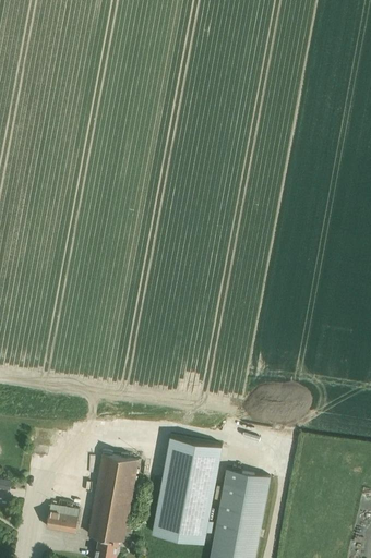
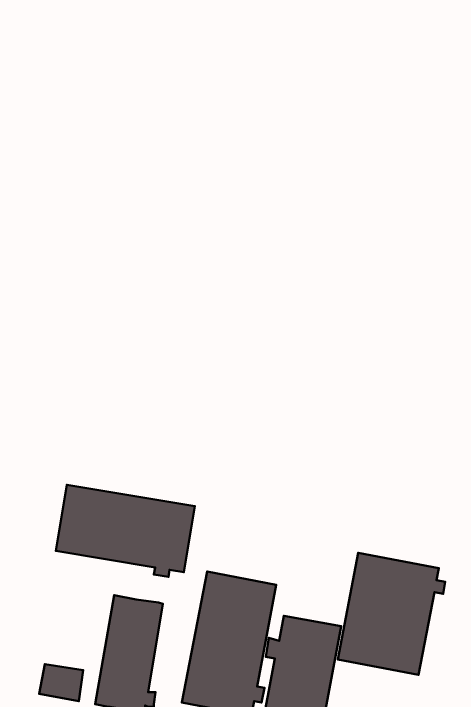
building: none -> [56,485,195,577]
building: none -> [338,553,445,675]

